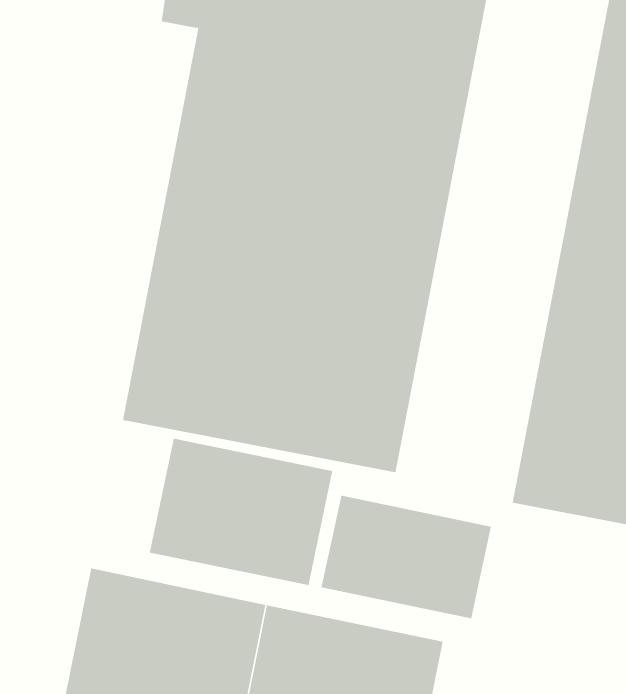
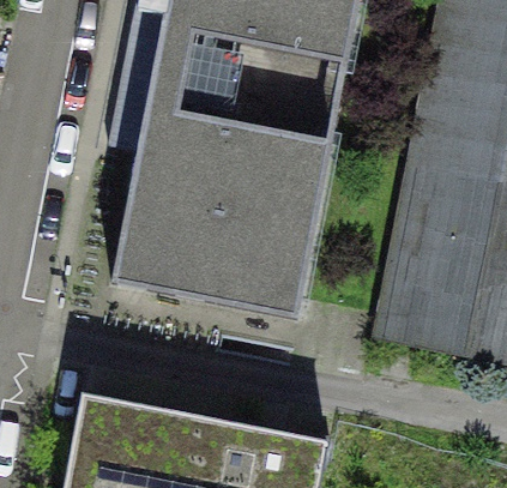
building: [149,438,333,586] -> none
building: [321,495,492,619] -> none

